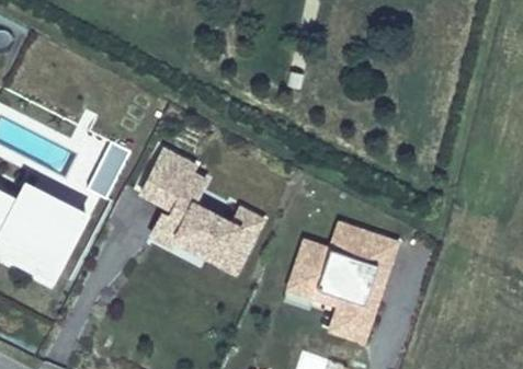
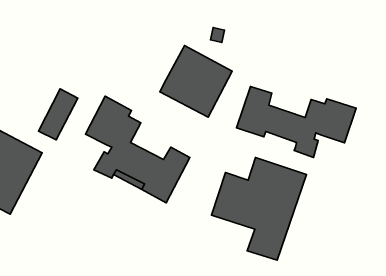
building: none -> [160,45,232,117]
building: none -> [237,86,356,158]

